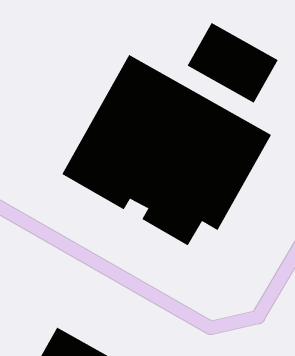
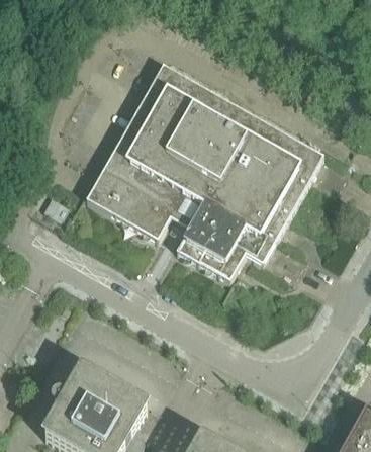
building: [187,22,279,104] -> none

